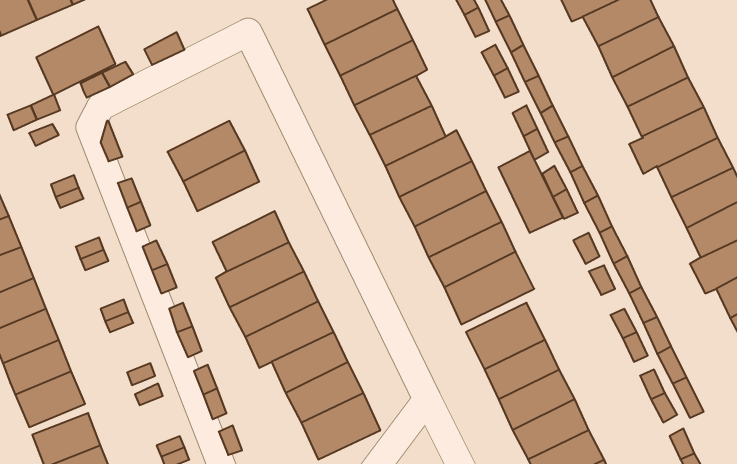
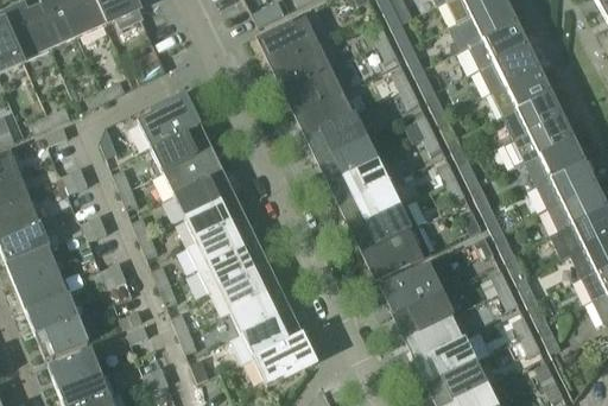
building: [36,26,115,95] -> [139,97,200,150]
building: [499,151,563,233] -> none
building: none -> [175,172,234,218]

